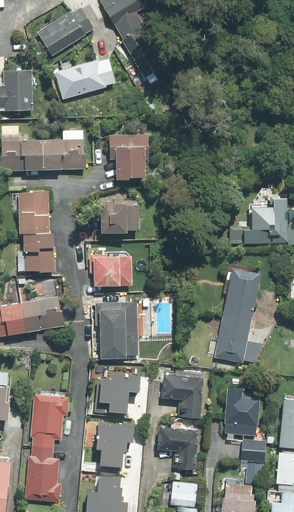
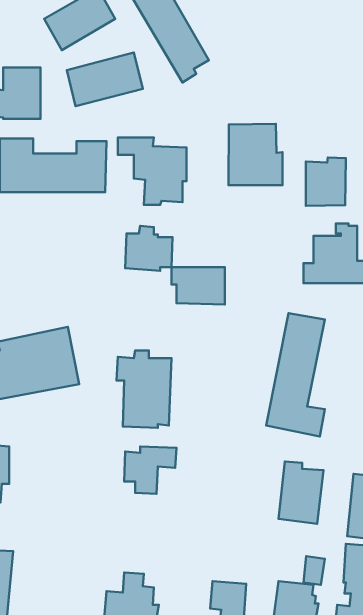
building: none -> [228,124,283,185]
building: none -> [306,158,346,206]
building: [17,190,55,272] -> none
building: [89,256,132,286] -> [171,267,225,304]
building: [159,375,204,419] -> none
building: [24,394,69,503] -> none
building: [96,422,134,467] -> none
building: [157,426,198,470] -> none
building: [240,438,266,463] -> none

